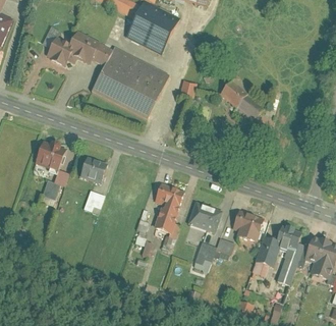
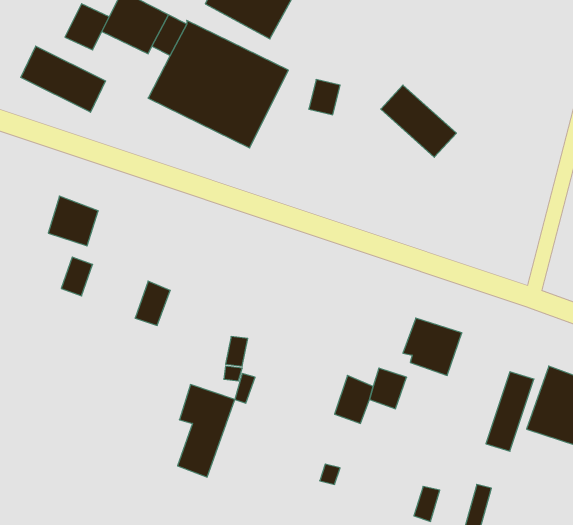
building: none -> [21,46,106,112]
building: [78,159,107,185] -> none
building: [154,182,185,233] -> [178,385,235,477]
building: [190,201,222,233] -> none
building: [259,234,281,264] -> none

